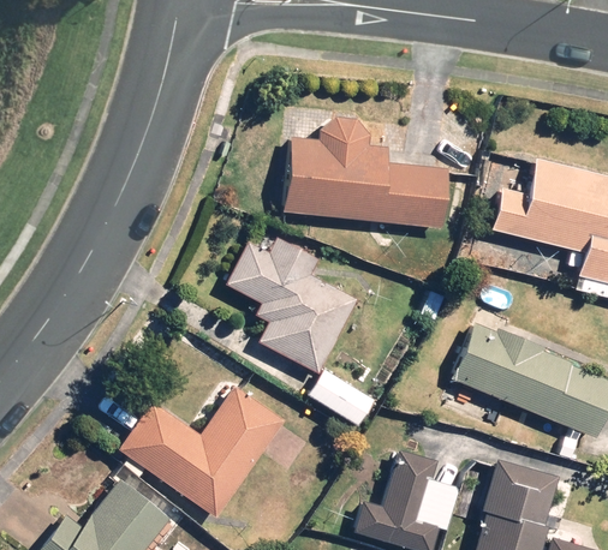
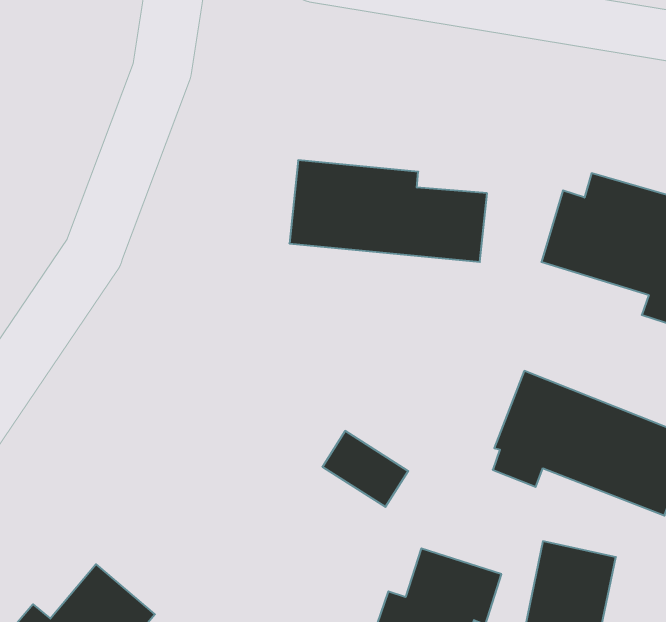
building: [221,235,362,375] -> none
building: [119,384,287,521] -> none

